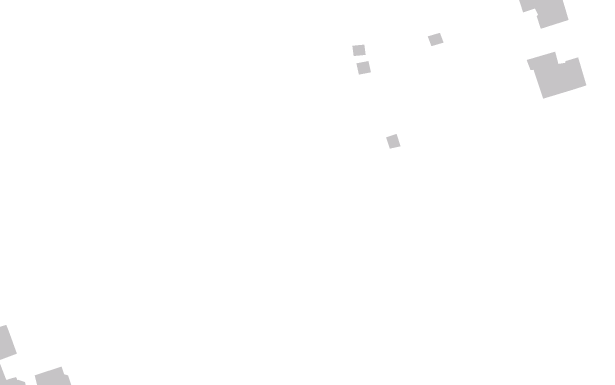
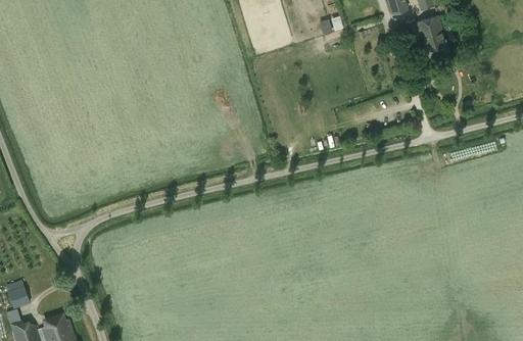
building: [526,51,587,99] -> none

